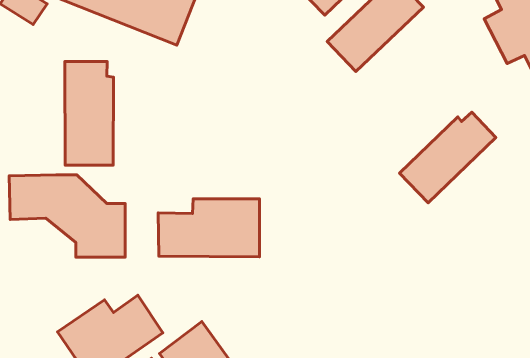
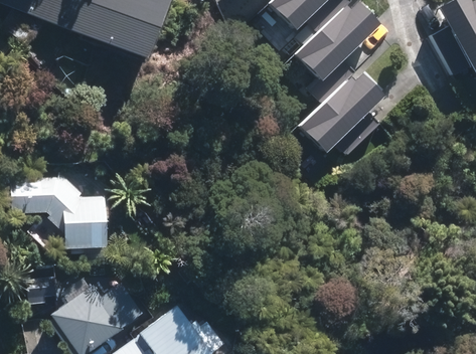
building: [65,62,113,165] -> none
building: [399,112,496,203] -> [294,77,378,157]
building: [158,199,259,257] -> none

